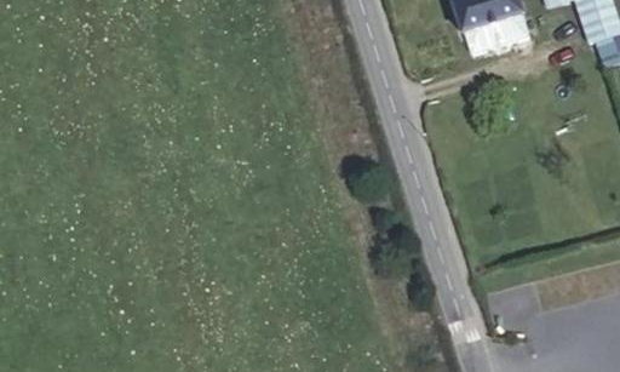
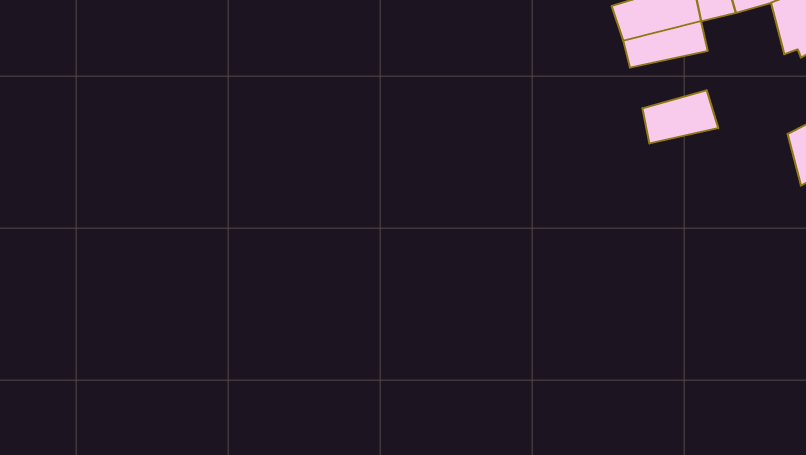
building: none -> [642,90,718,144]

